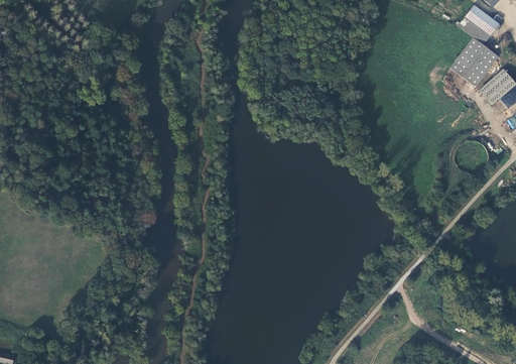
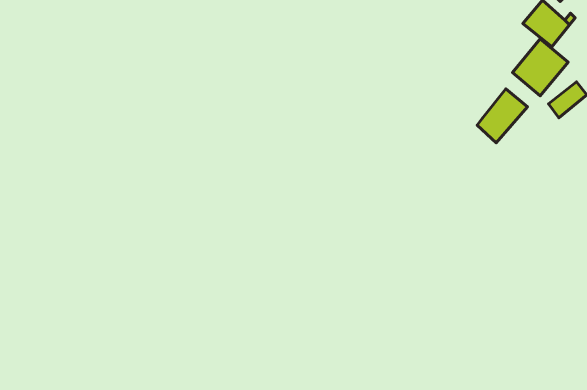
building: none -> [477,89,527,143]

